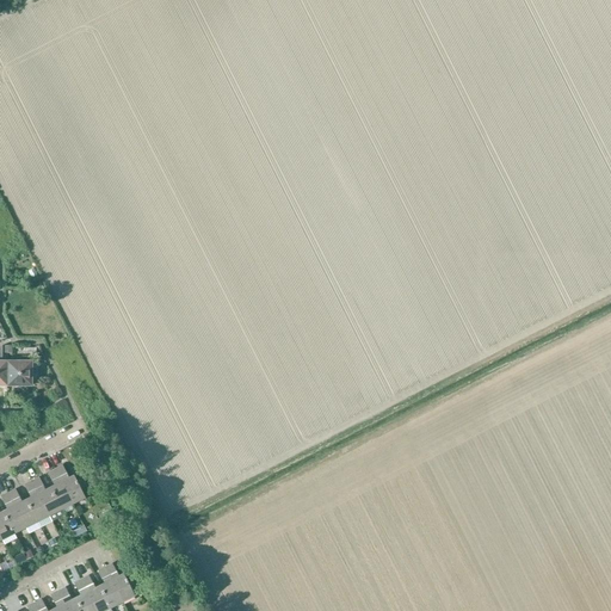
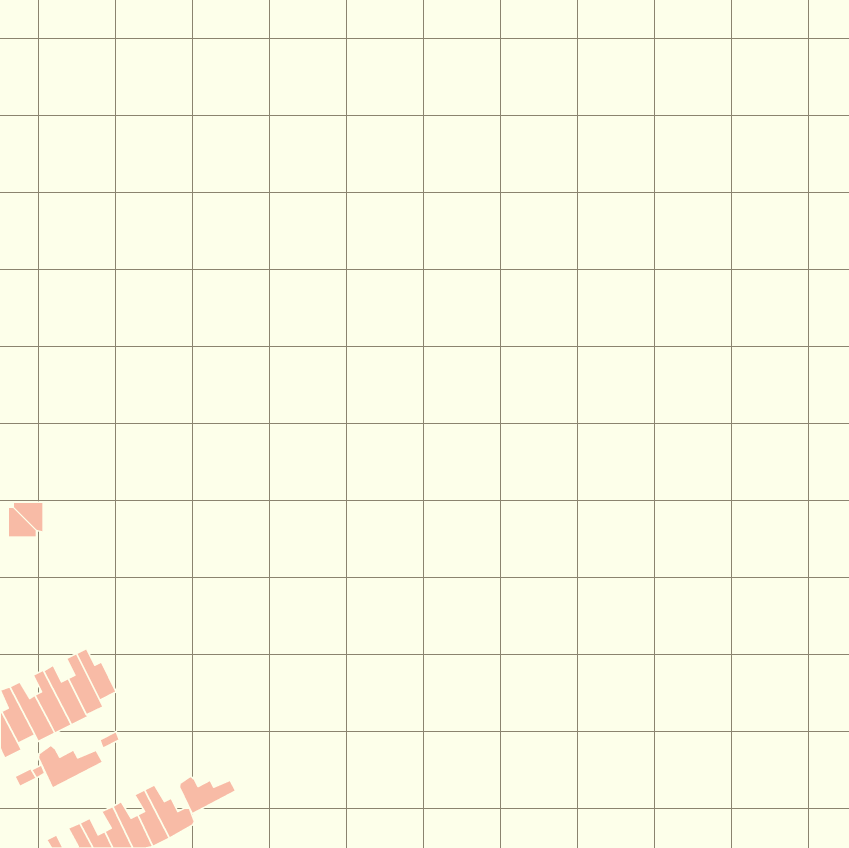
building: none -> [38,745,103,788]
building: none -> [180,776,236,814]

